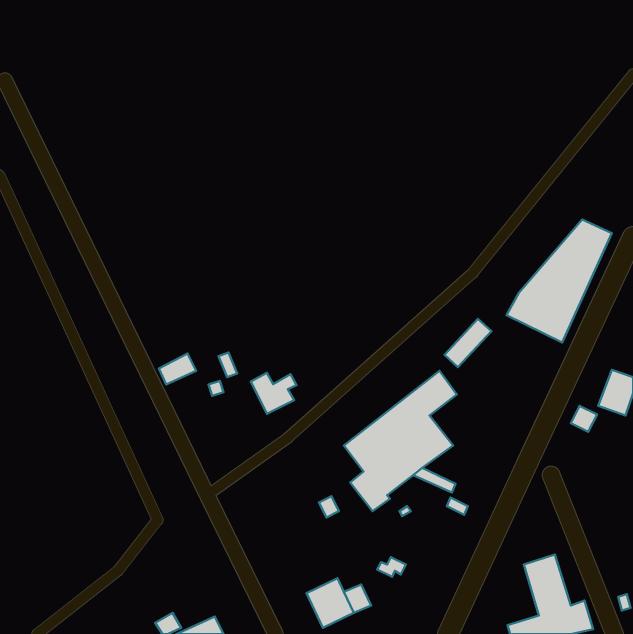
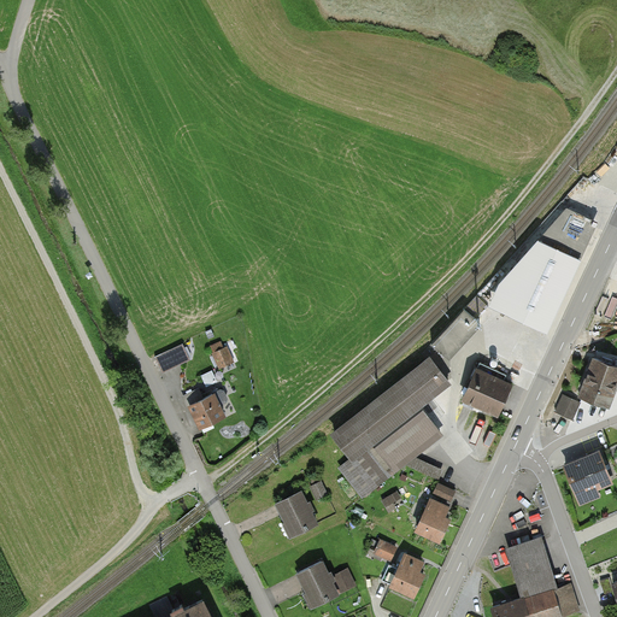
building: [251,373,297,414] -> [182,388,227,428]
building: none -> [463,363,510,413]
building: none -> [566,452,609,494]
building: none -> [277,492,322,539]
building: none -> [416,499,448,540]
building: none -> [381,553,423,594]

